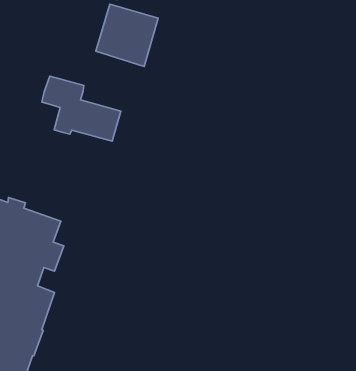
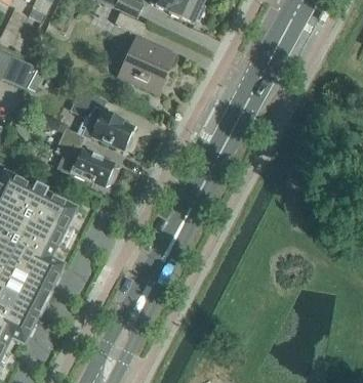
building: none -> [41,121,114,185]

